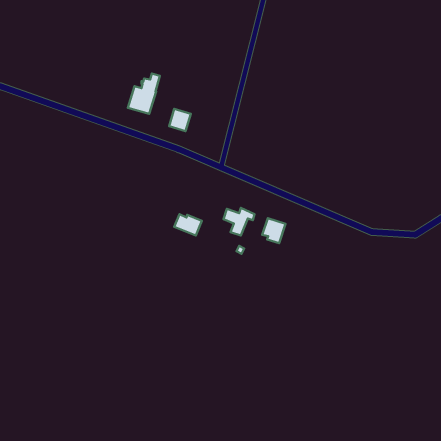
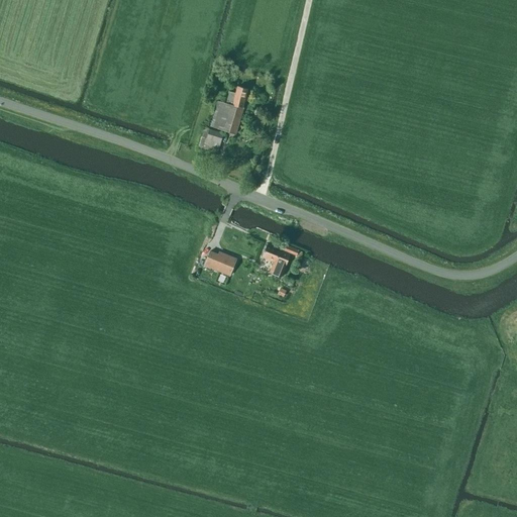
building: [128,73,160,114] -> [210,86,247,133]
building: [262,218,285,243] -> none

